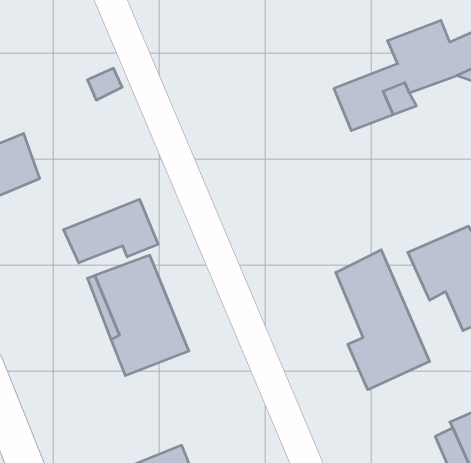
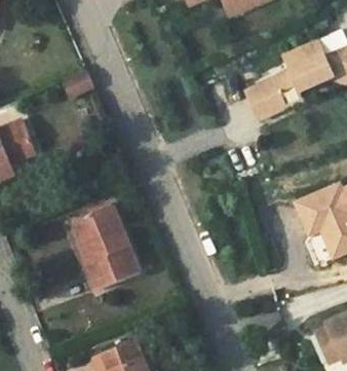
building: [63,199,158,263] -> none
building: [336,250,430,390] -> none

